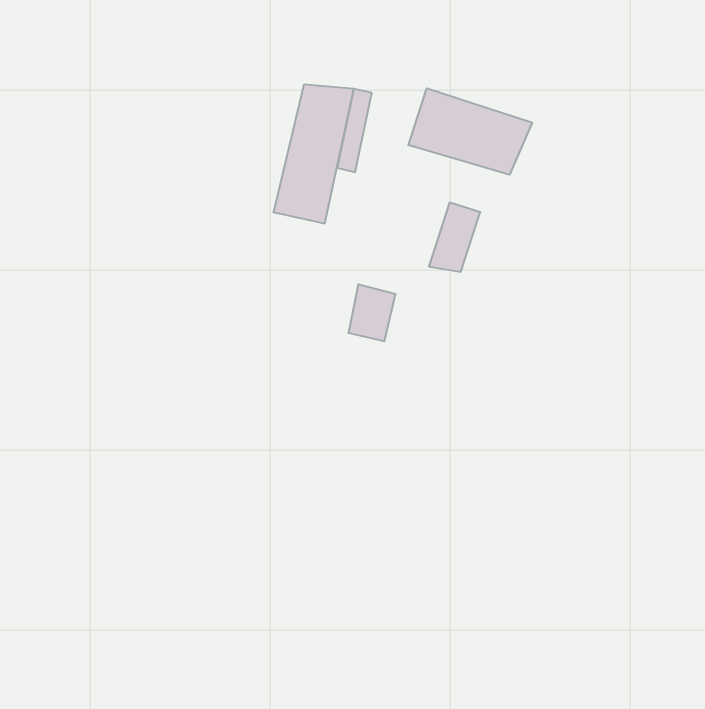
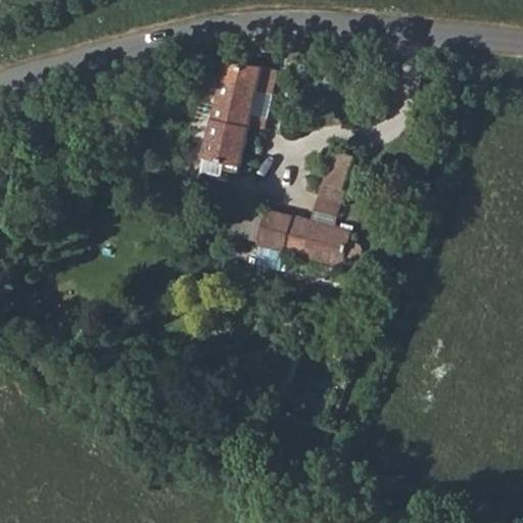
building: [408,88,532,175] -> none
building: none -> [283,217,358,267]

